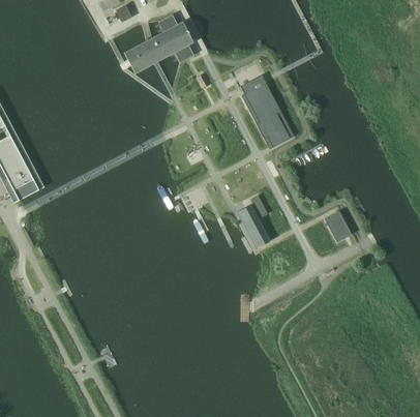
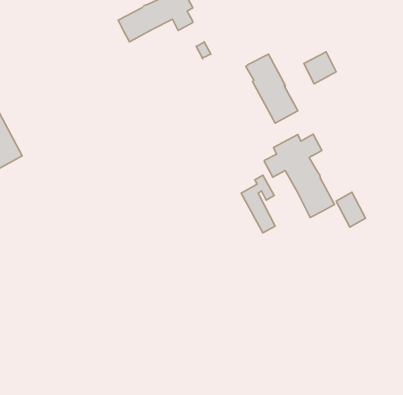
building: none -> [304,52,336,84]
building: none -> [264,134,334,217]

